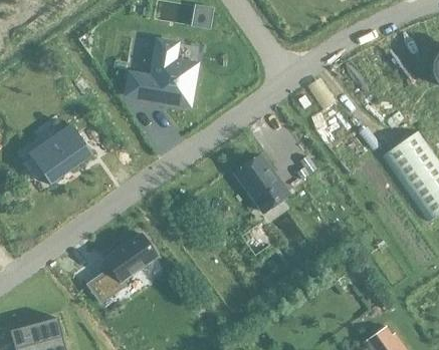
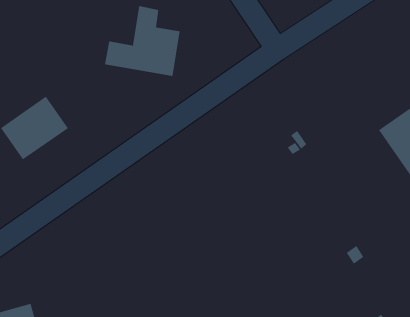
building: [235,154,288,212] -> none
building: [87,233,157,302] -> none

